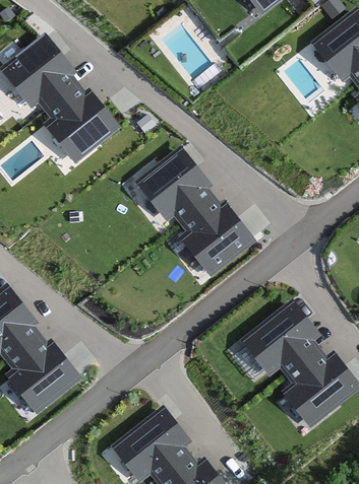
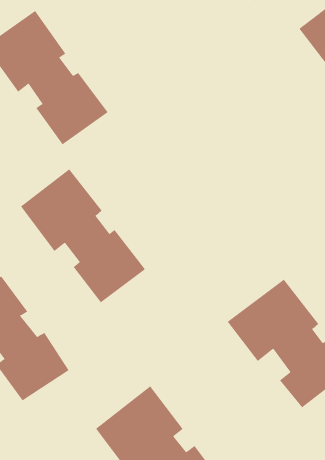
building: [131,143,255,276] -> [20,169,146,303]

